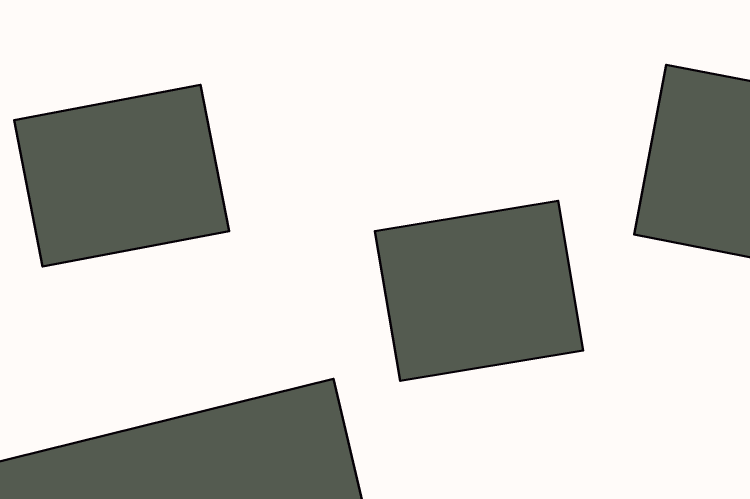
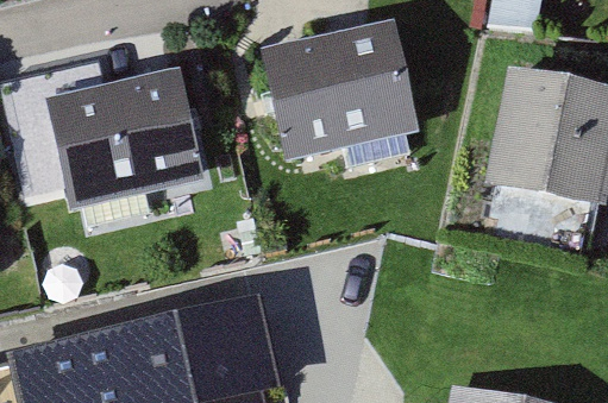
building: [375,201,583,381] -> [265,30,413,157]

